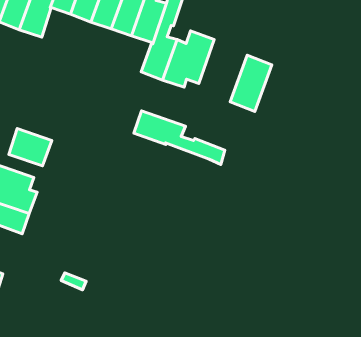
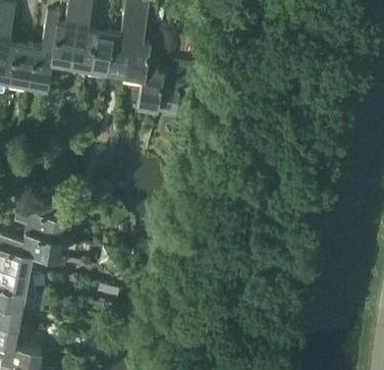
building: [230,55,272,112] -> none
building: [134,111,225,165] -> none
building: [9,129,52,166] -> none

